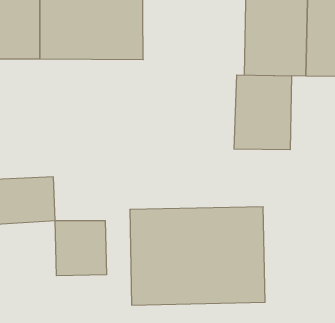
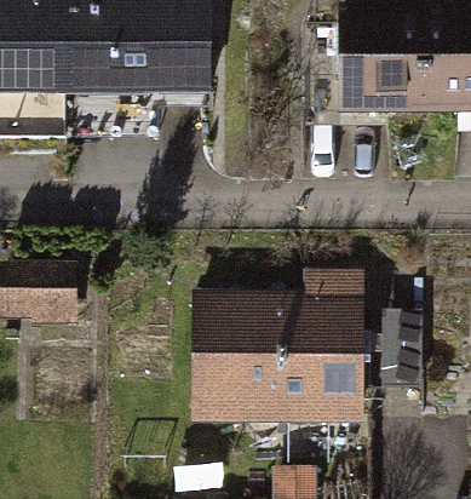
building: [234,75,292,150] -> none
building: [55,220,106,276] -> none

